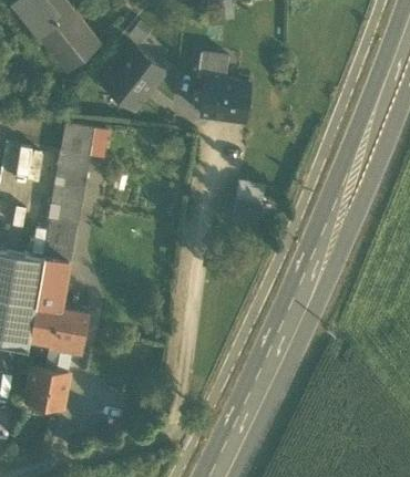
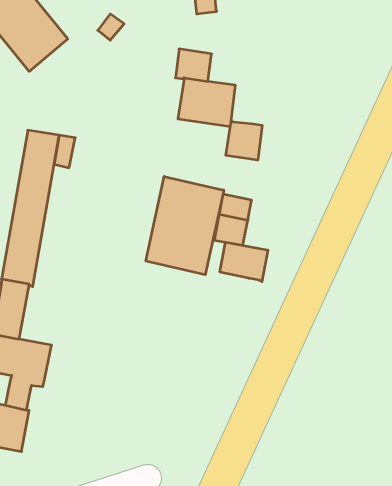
building: [101,44,166,112] -> none
building: none -> [226,121,262,160]
building: none -> [146,176,224,275]
building: none -> [220,242,268,282]

